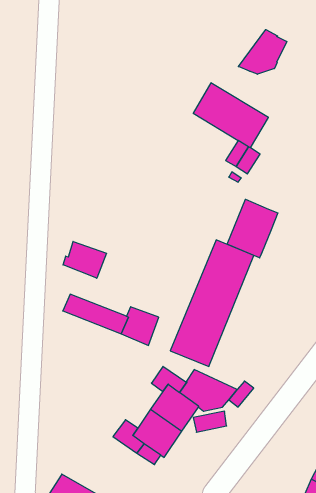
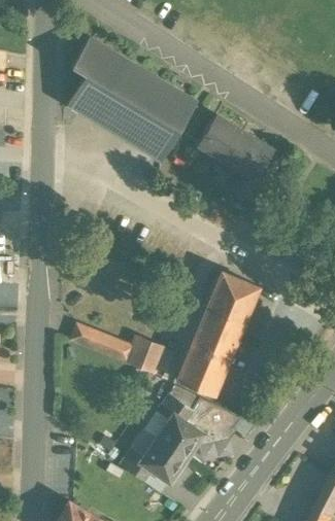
building: none -> [68,39,196,160]
building: [238,30,287,74] -> none
building: [227,199,278,258] -> none
building: [63,241,106,278] -> none

